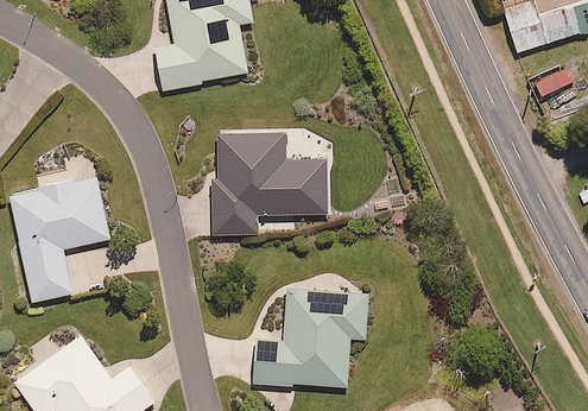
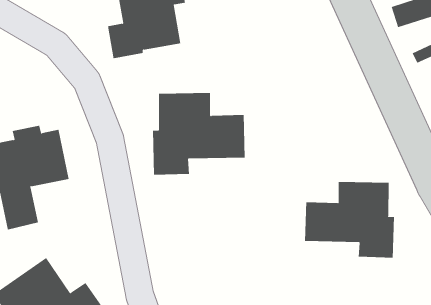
building: none -> [305,181,394,258]
building: [254,292,367,386] -> none

